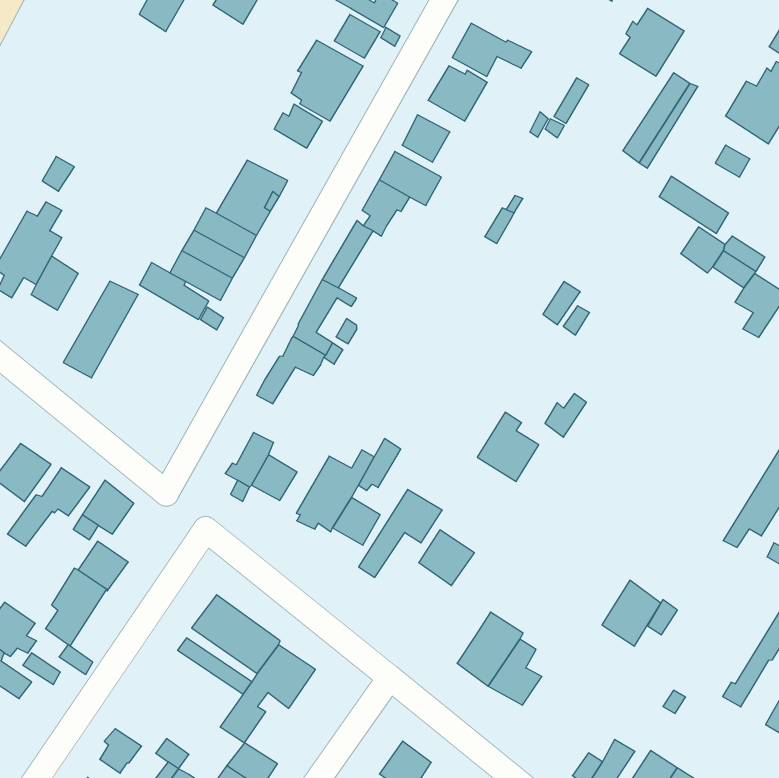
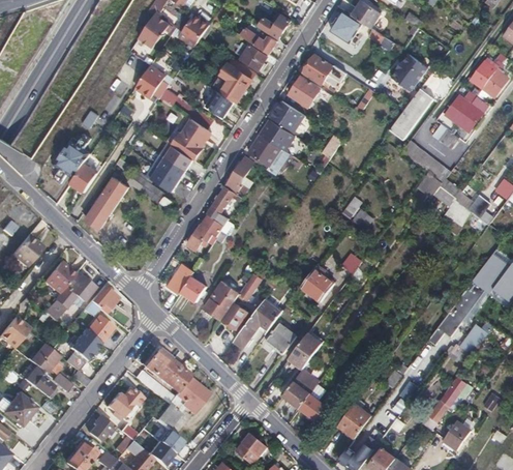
building: none -> [134,66,168,99]
building: none -> [289,332,322,368]
building: [602,580,661,646] -> [338,403,370,438]
building: none -> [107,386,143,419]

